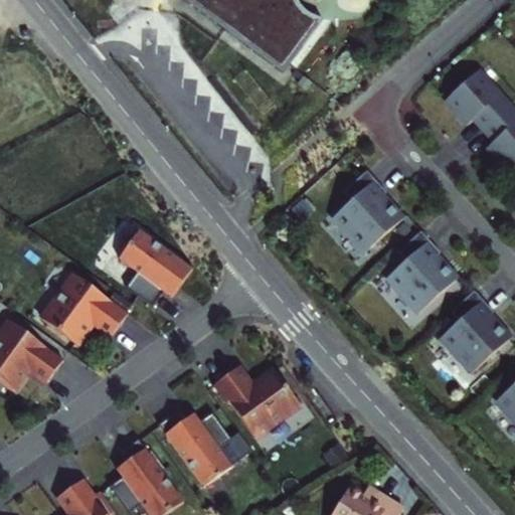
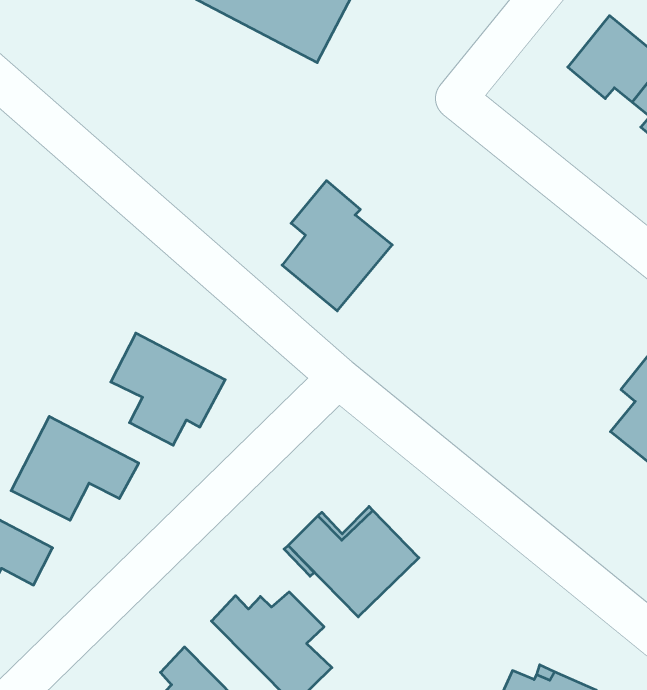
building: [330,170,403,255] -> [282,181,392,311]
building: [383,230,457,316] -> none

